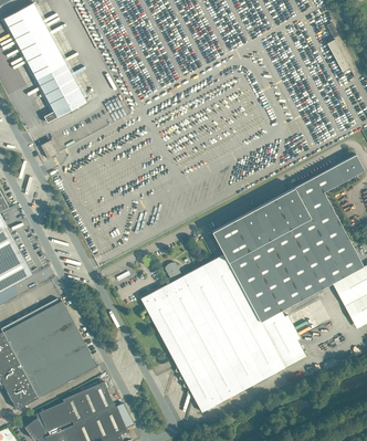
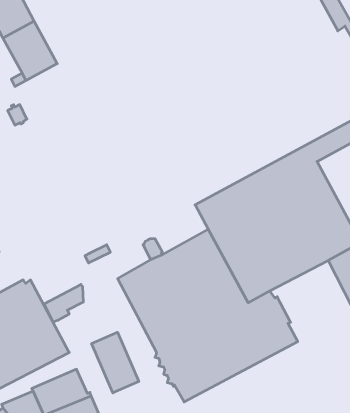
building: none -> [44,284,83,322]
building: none -> [92,332,139,393]

